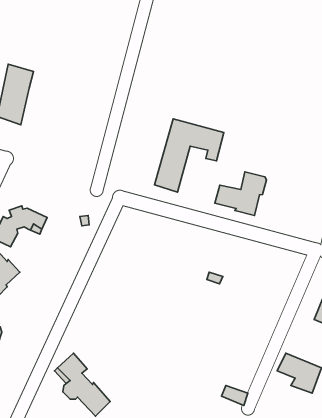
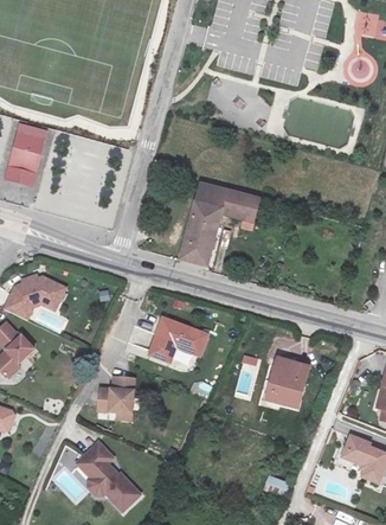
building: [215,172,267,215] -> none
building: none -> [150,315,204,360]
building: none -> [266,358,307,409]
building: none -> [97,376,133,418]

